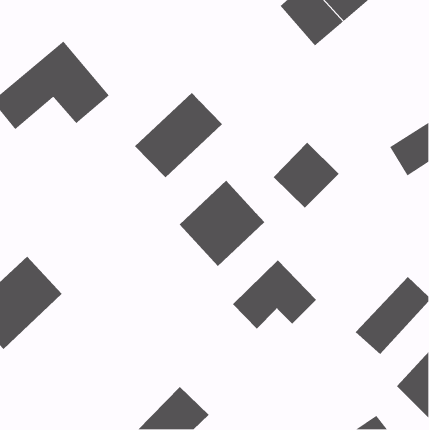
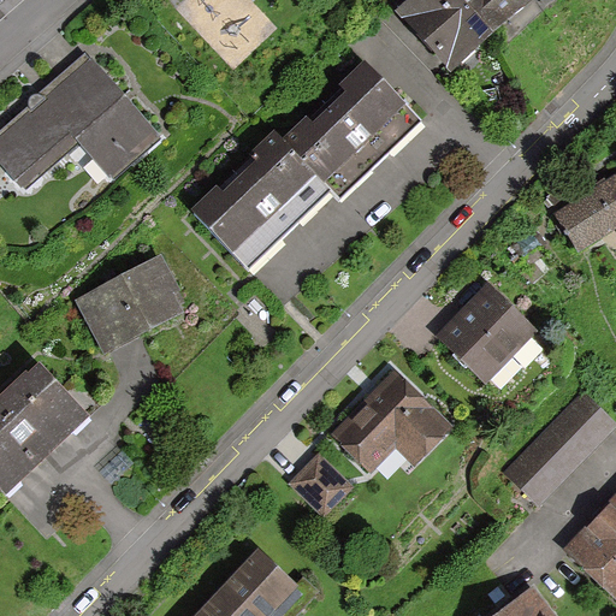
building: none -> [284,61,409,185]
building: [273,142,339,208] -> [439,285,534,380]
building: none -> [76,255,179,351]
building: [179,180,265,267] -> none
building: none -> [288,454,351,516]

